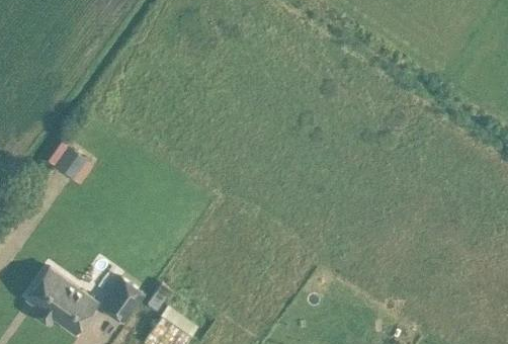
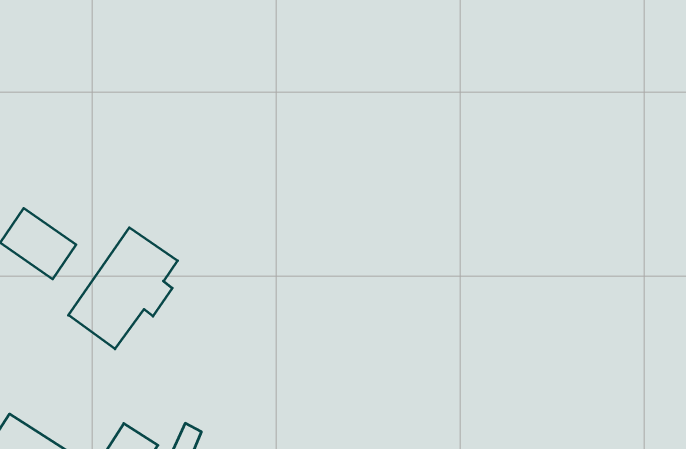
building: none -> [68,228,178,349]

